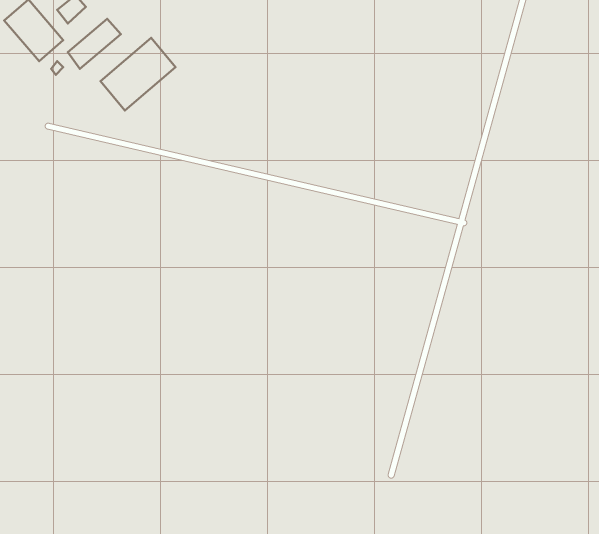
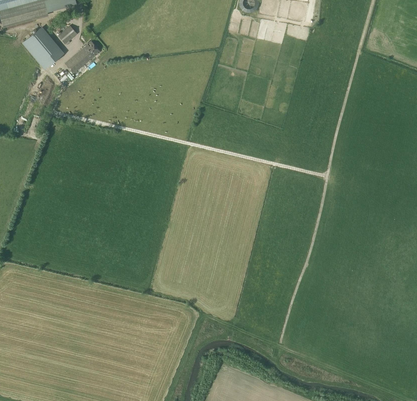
building: [100,38,175,110] -> none

